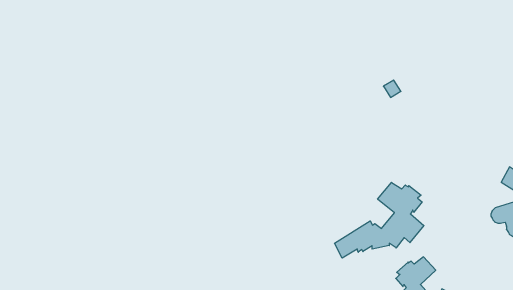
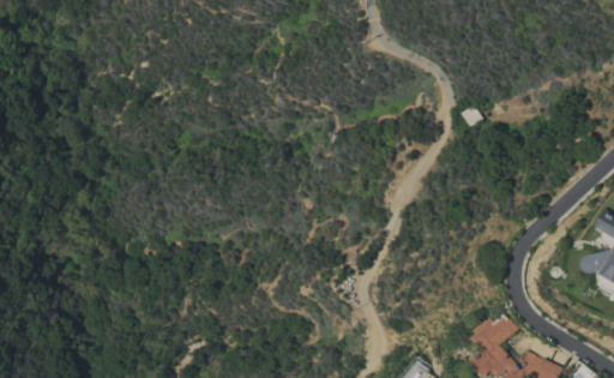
building: [335,182,424,258] -> none

